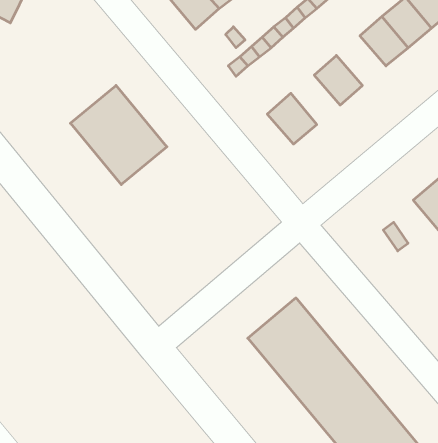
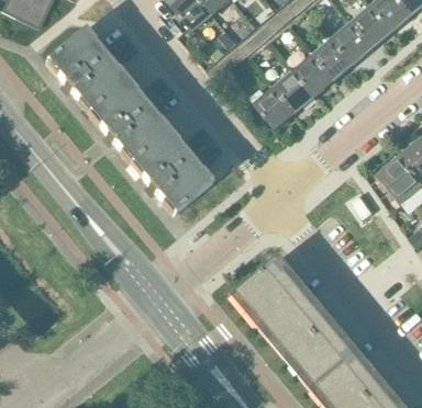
building: none -> [46,26,127,110]
building: none -> [313,36,355,78]
building: none -> [275,69,316,111]
building: none -> [132,129,213,213]

